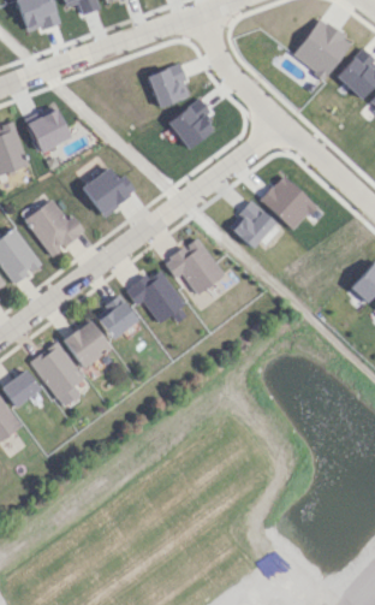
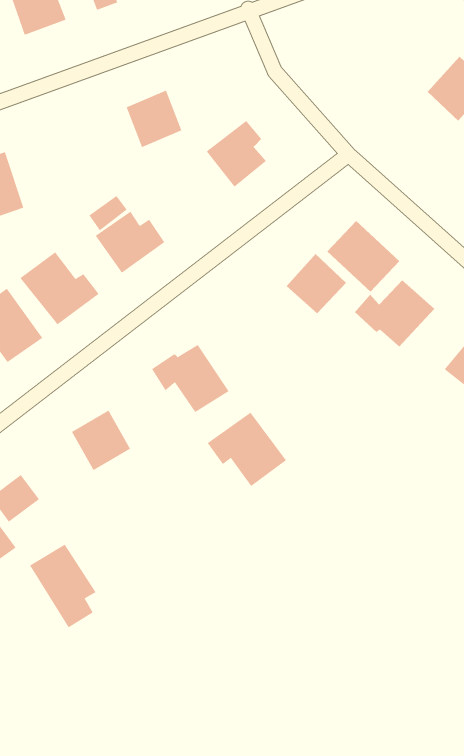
building: [292,18,351,79] -> none
building: [147,64,190,108] -> [126,90,182,148]
building: [26,109,71,153] -> none
building: none -> [354,279,435,347]
building: [163,238,225,296] -> [207,412,287,487]
building: [95,297,138,340] -> none
building: [31,343,83,408] -> [29,544,96,628]

